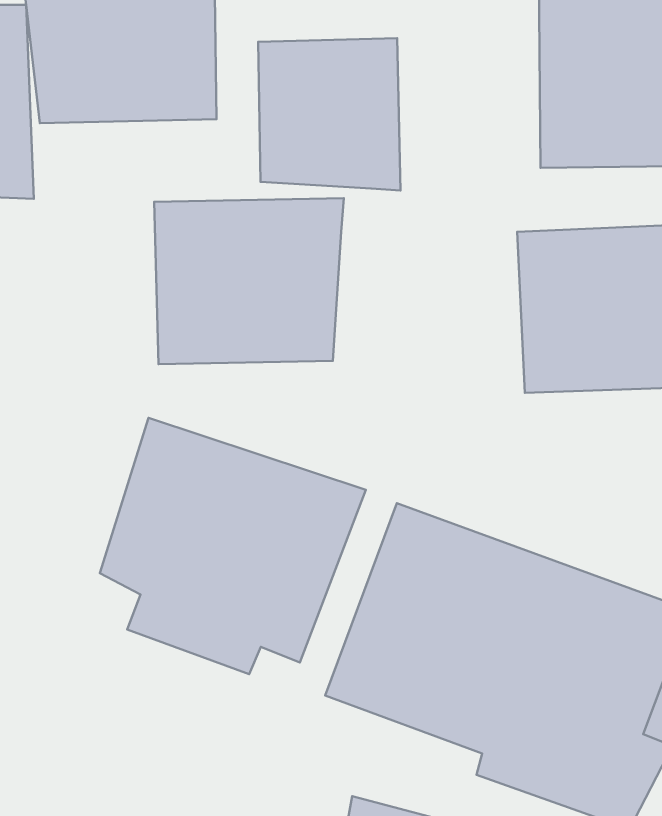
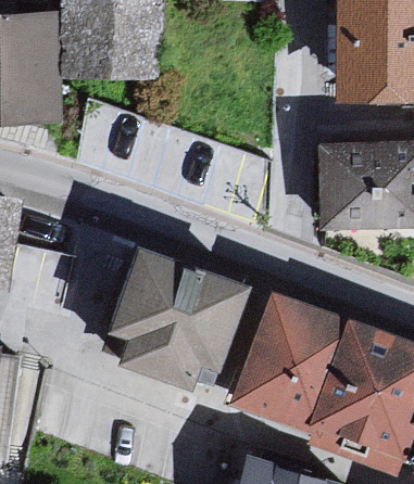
building: [258,38,400,191] -> none
building: [154,198,344,364] -> none

